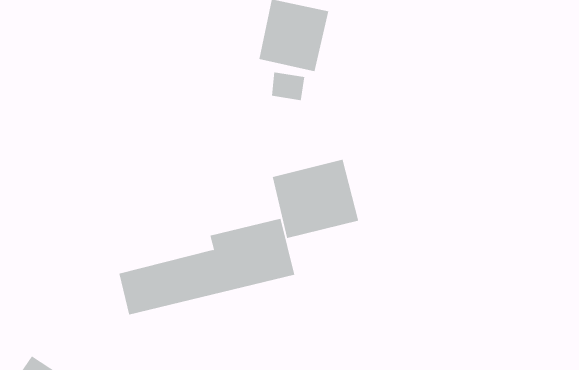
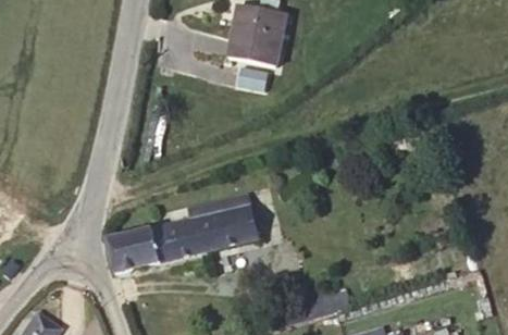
building: [272,159,359,239] -> none

